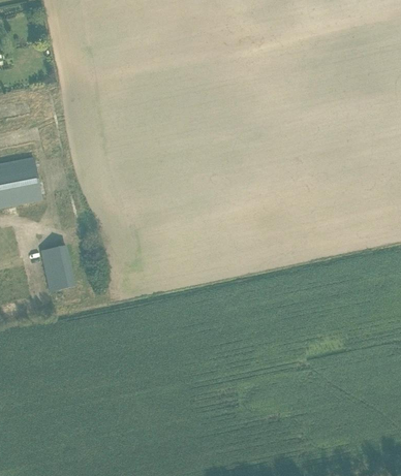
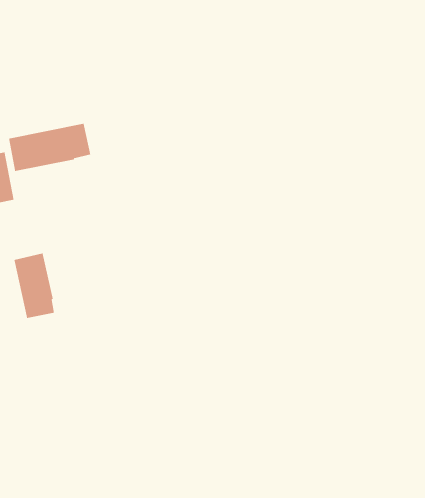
building: none -> [8,123,91,172]

